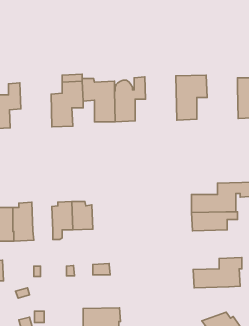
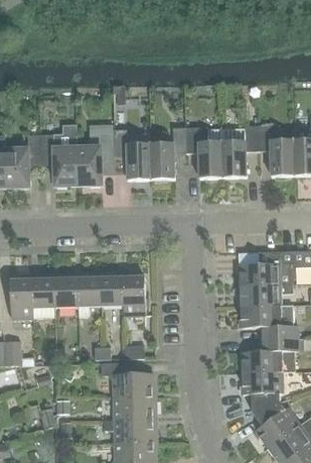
building: none -> [39,124,76,187]
building: none -> [256,125,293,177]
building: none -> [184,126,221,179]
building: none -> [53,273,77,307]
building: none -> [123,276,145,316]
building: none -> [240,306,297,339]
building: none -> [101,362,155,397]
building: none -> [242,372,282,412]

